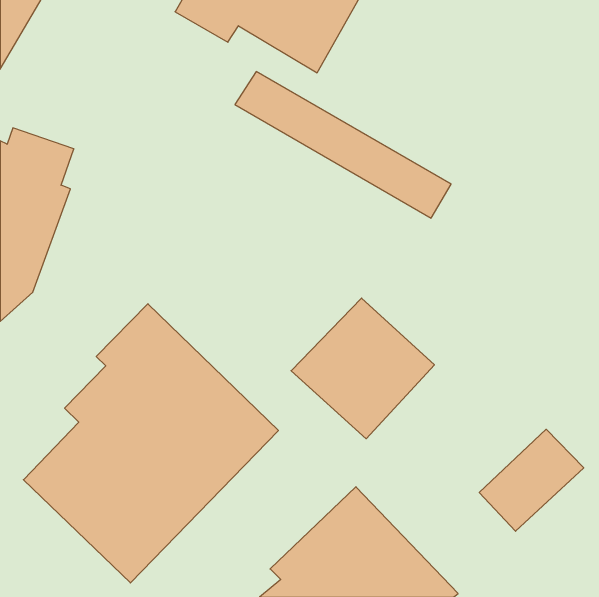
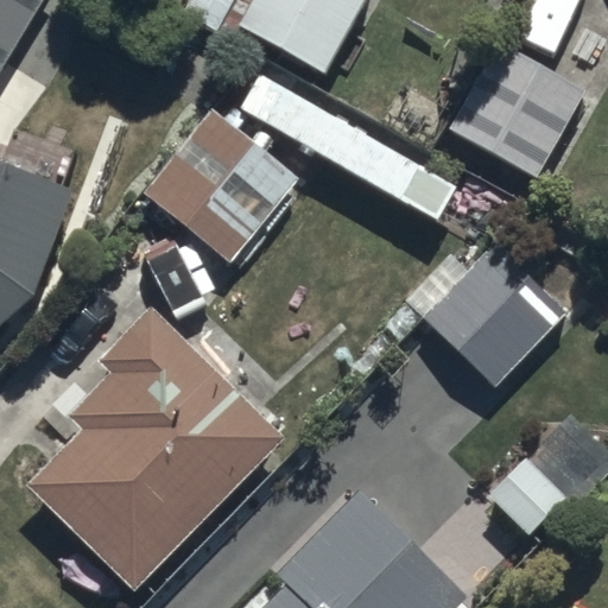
building: none -> [448,43,585,178]
building: none -> [140,106,297,264]
building: [291,298,434,439] -> [419,245,564,387]

